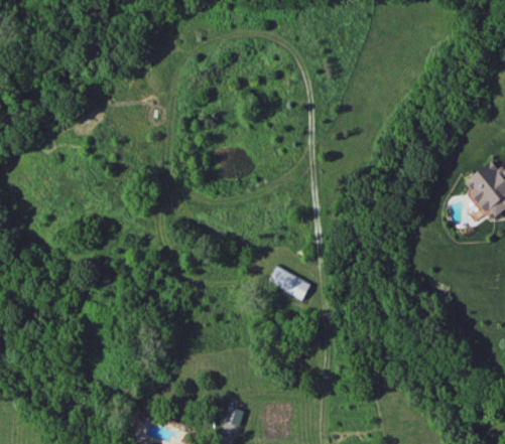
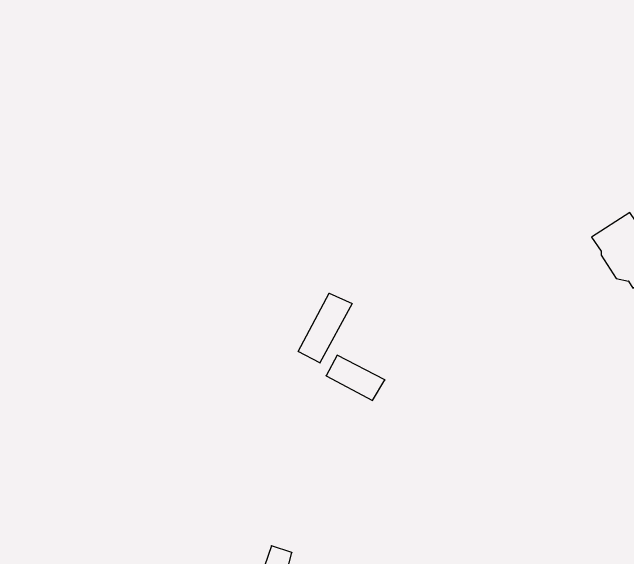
building: none -> [298,293,352,363]

